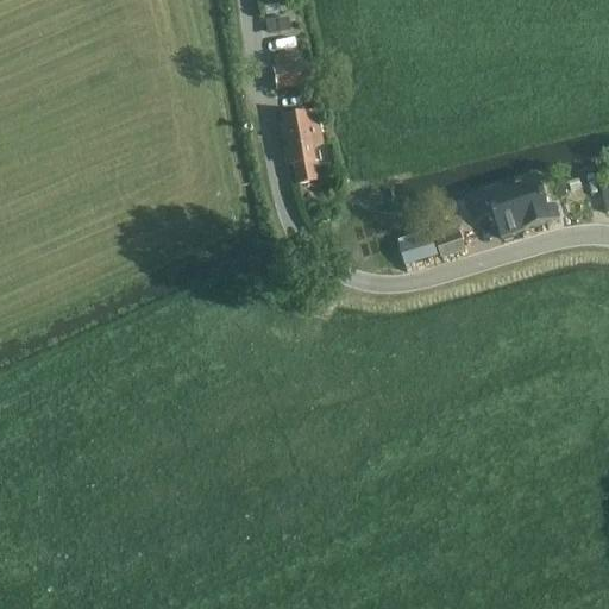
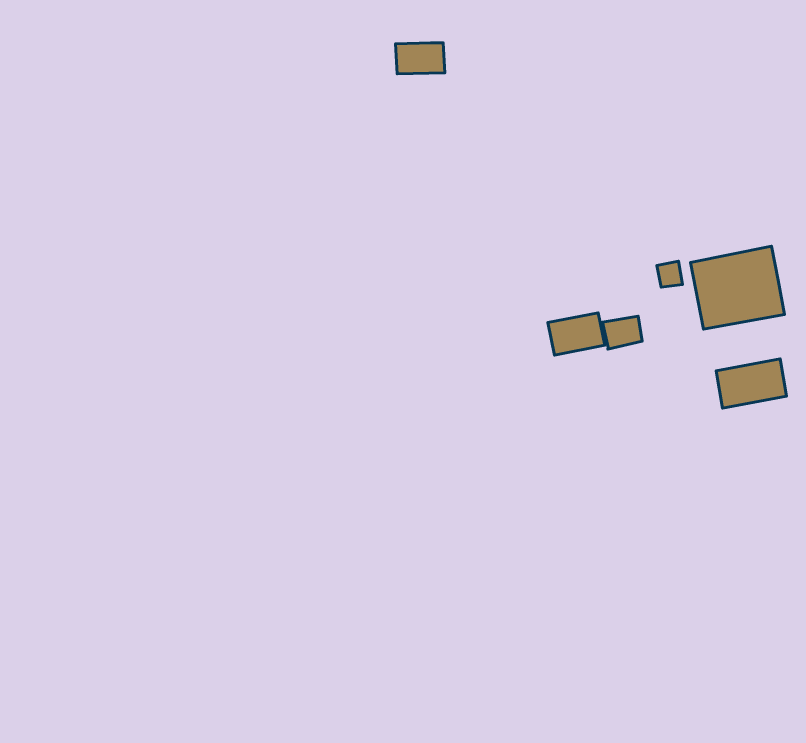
building: [281,108,320,180] -> none
building: none -> [716,359,787,408]

